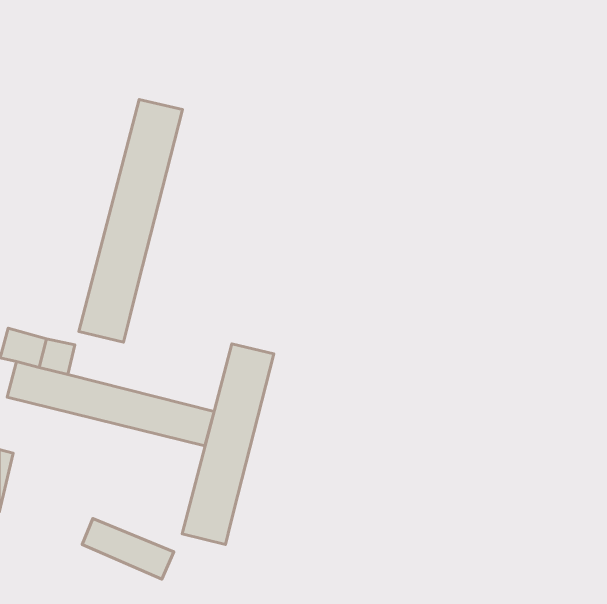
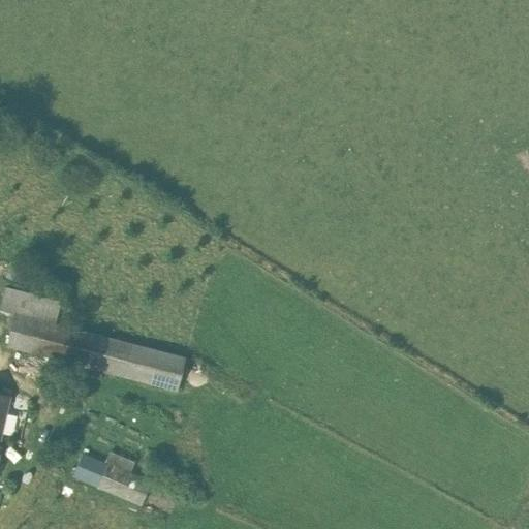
building: [79,99,182,342] -> none
building: [182,344,274,544] -> none

